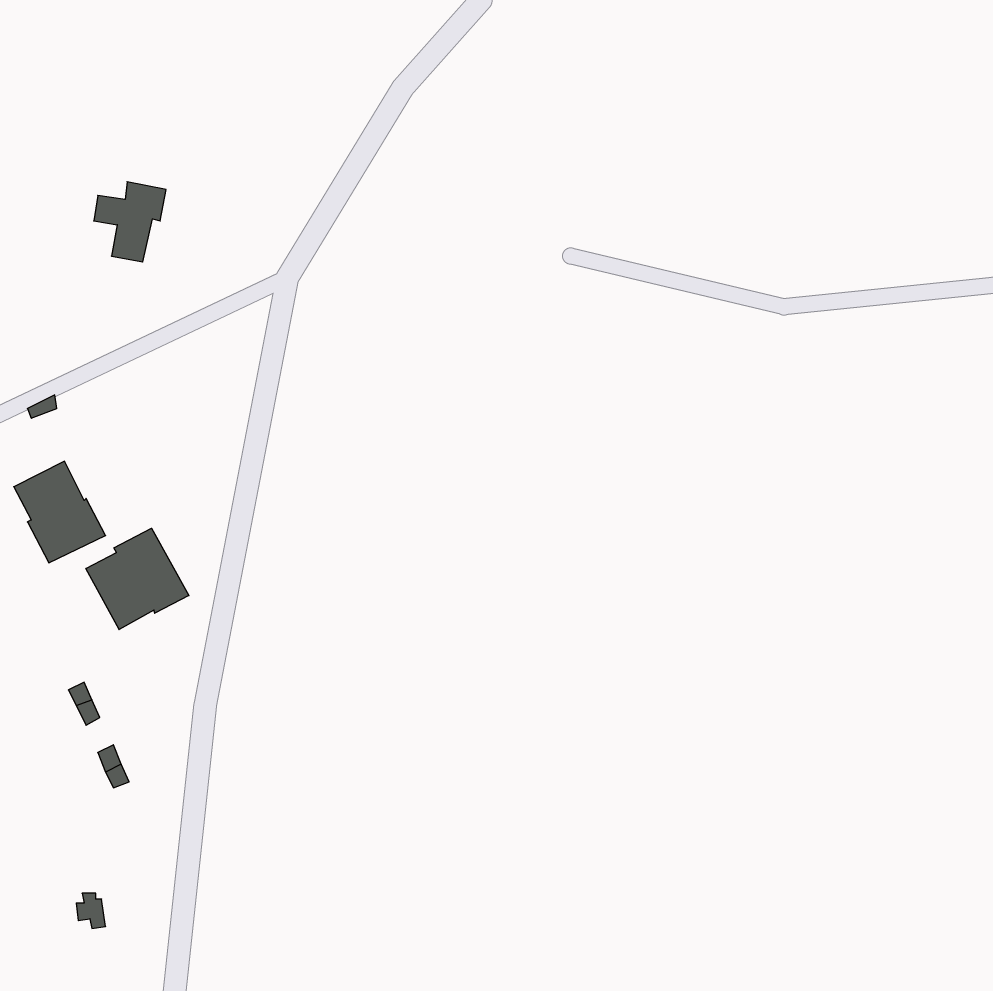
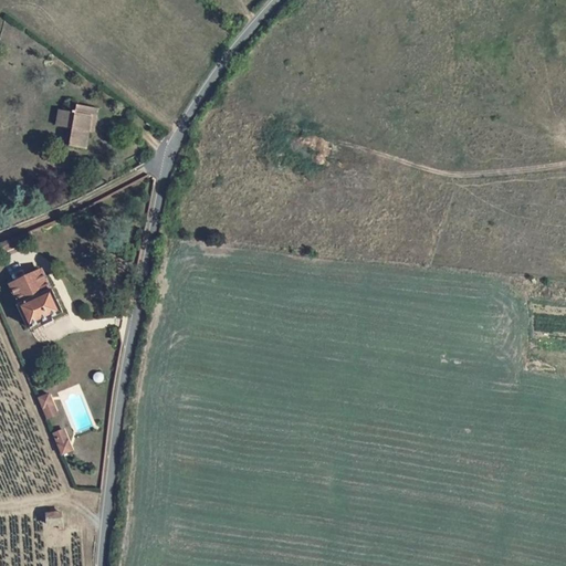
building: [86,528,189,630] -> none

